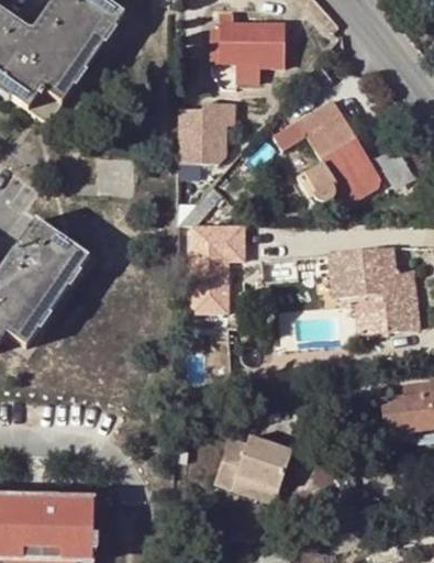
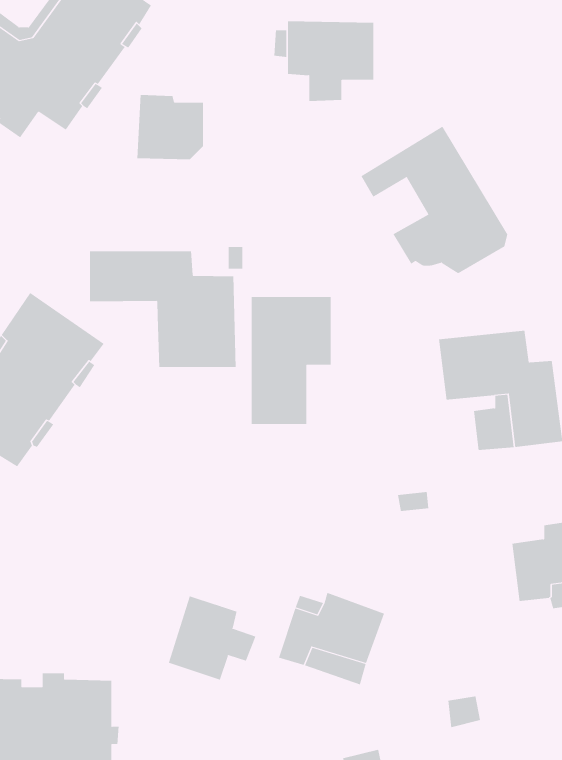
building: [177,114,225,162] -> [137,94,204,160]
building: none -> [89,250,236,368]
building: none -> [168,595,256,681]

